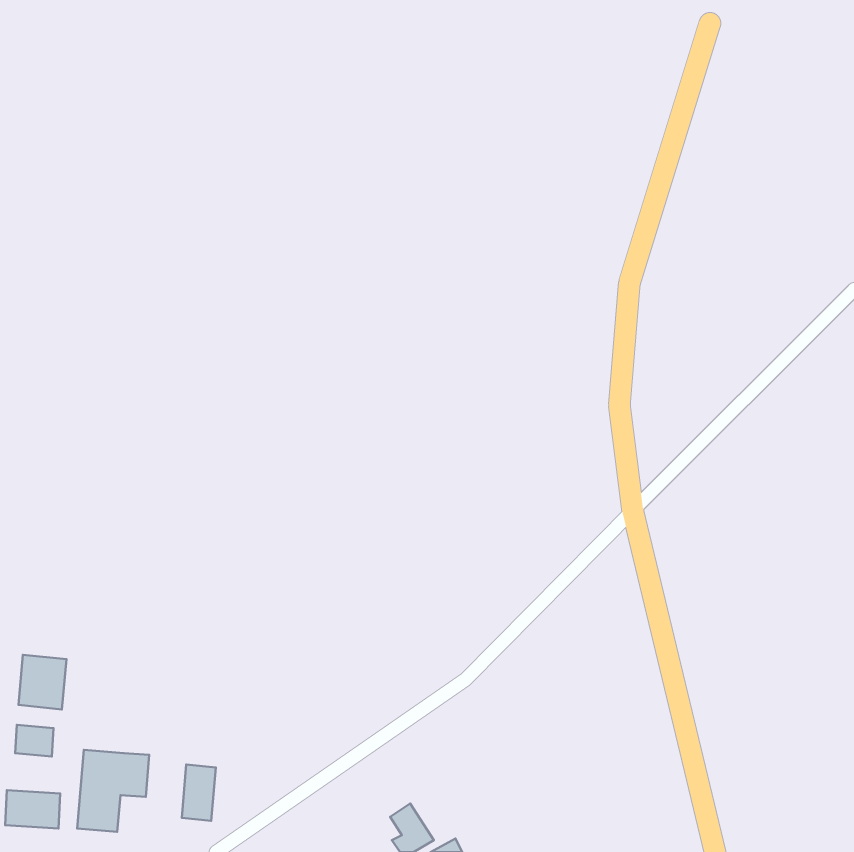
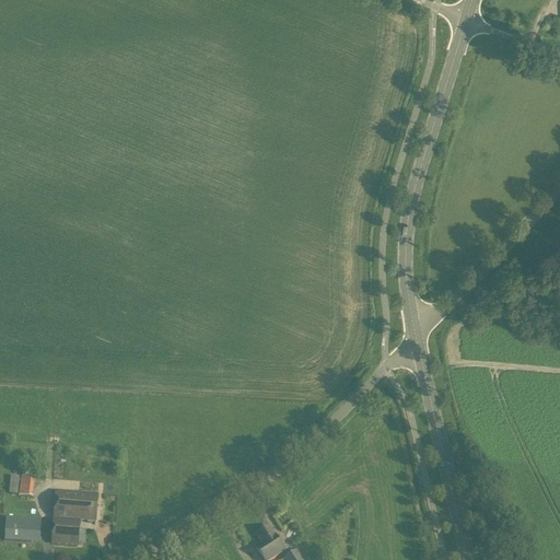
building: [18,655,66,709] -> none
building: [182,764,216,821] -> none

